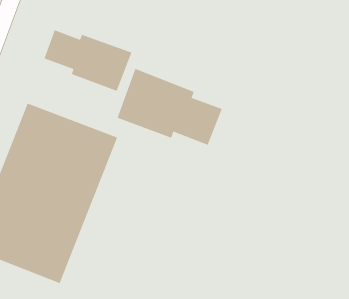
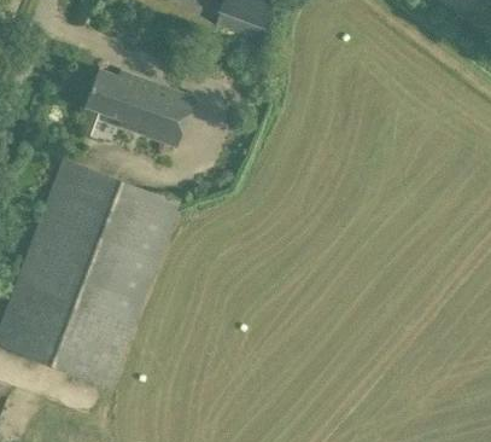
building: [117,68,223,146] -> none

